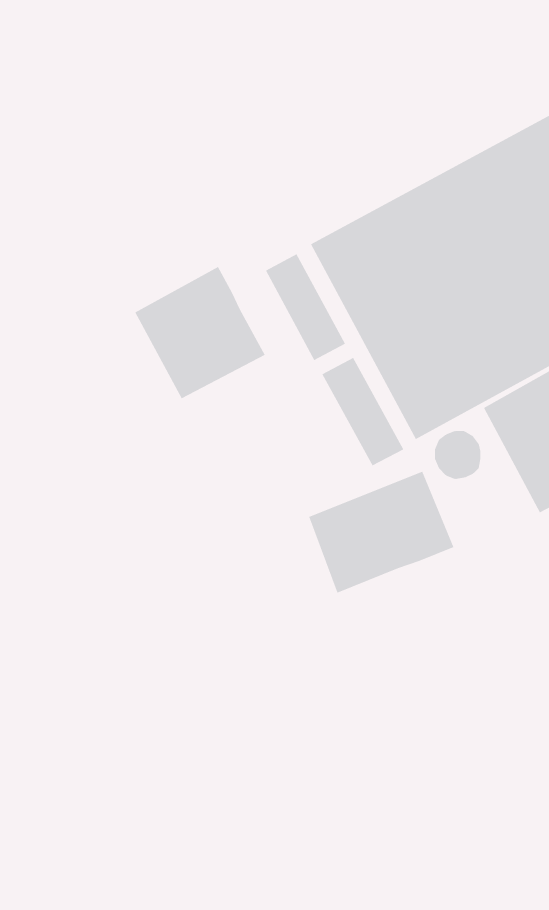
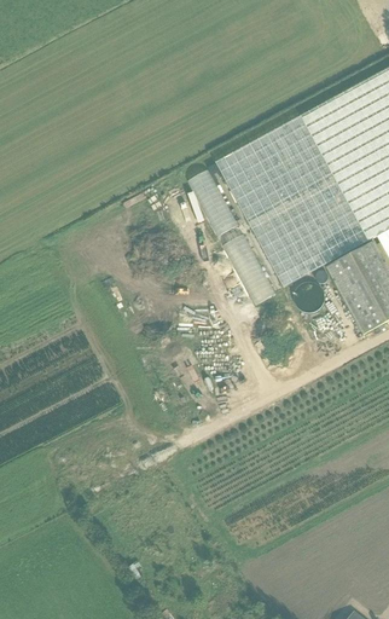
building: [135,266,265,399] -> none
building: [308,471,454,594] -> none

